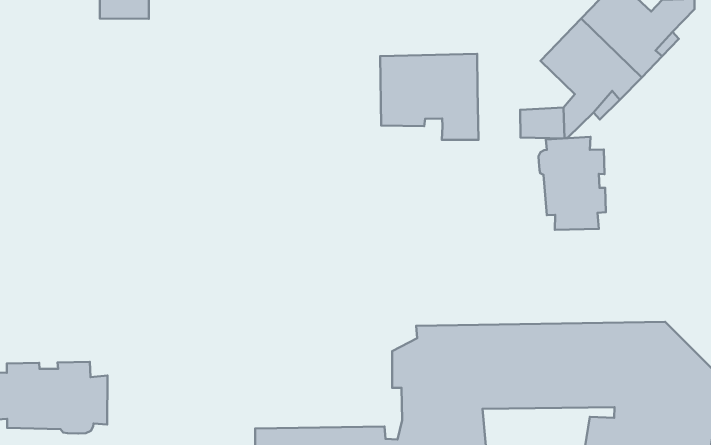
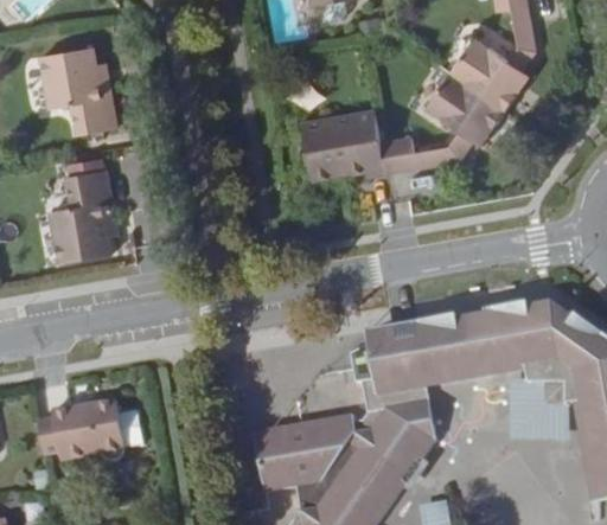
building: none -> [38,173,114,261]
building: none -> [381,134,420,179]
building: [539,137,606,230] -> none

